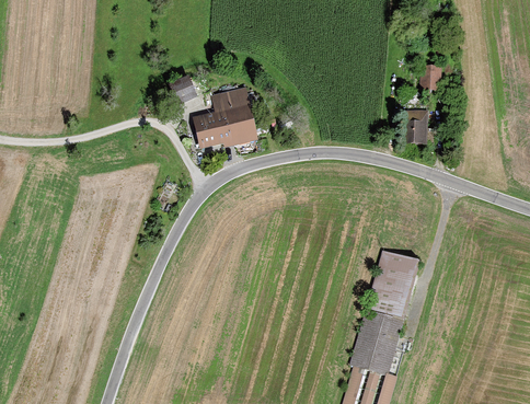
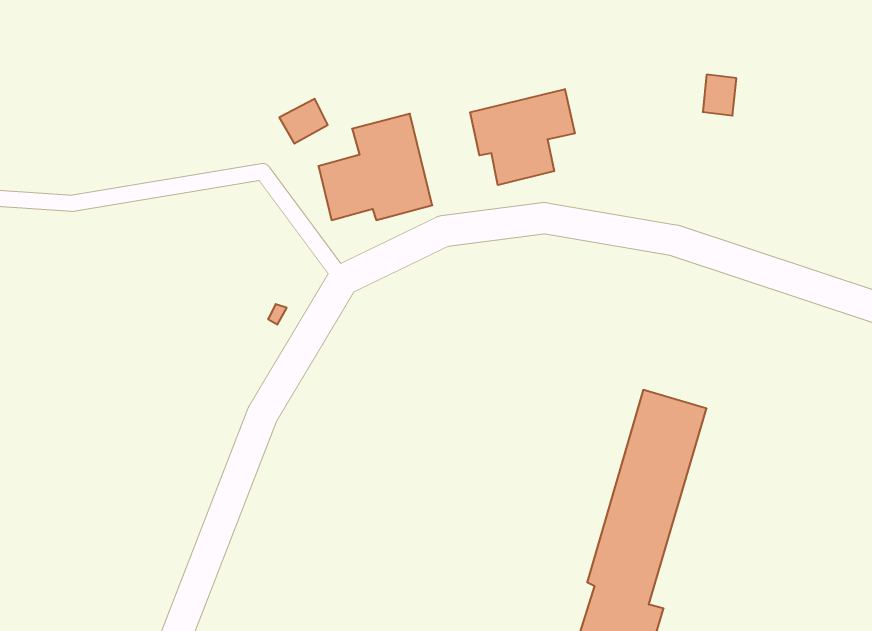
building: none -> [470,89,575,185]
building: [406,108,430,143] -> none

